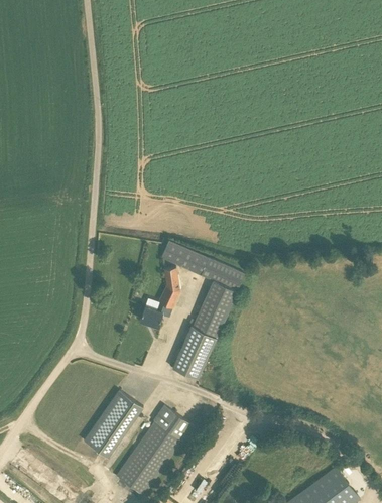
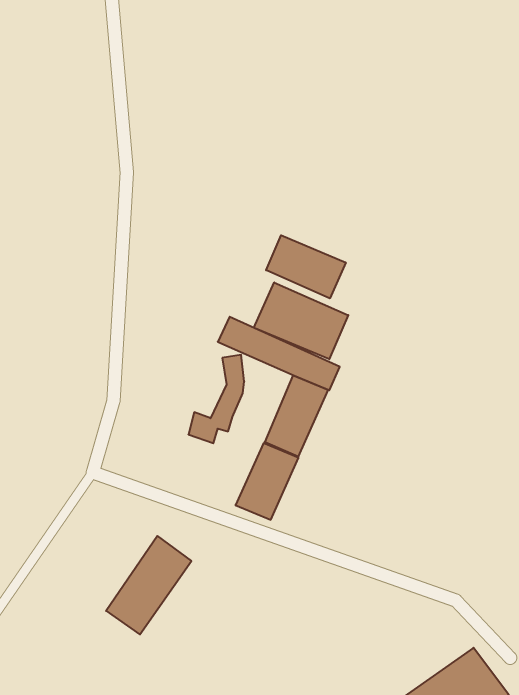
building: none -> [266,235,346,298]
building: none -> [254,282,348,359]
building: [115,406,190,494] -> none

